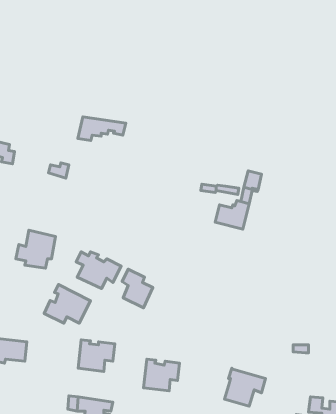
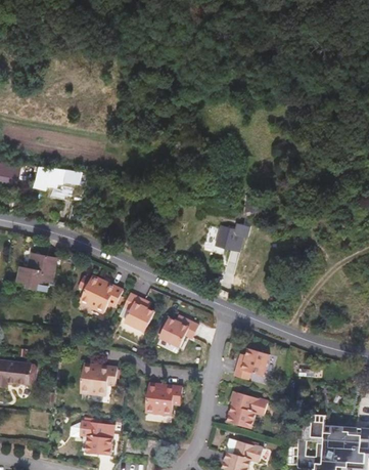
building: [78,117,126,140] -> [33,166,81,189]
building: [44,284,90,323] -> none
building: none -> [159,316,198,346]
building: none -> [232,348,268,380]

